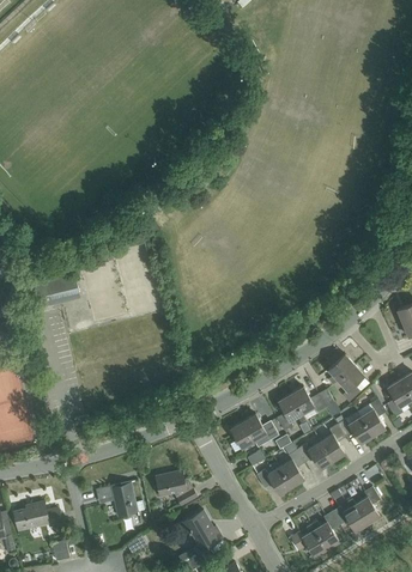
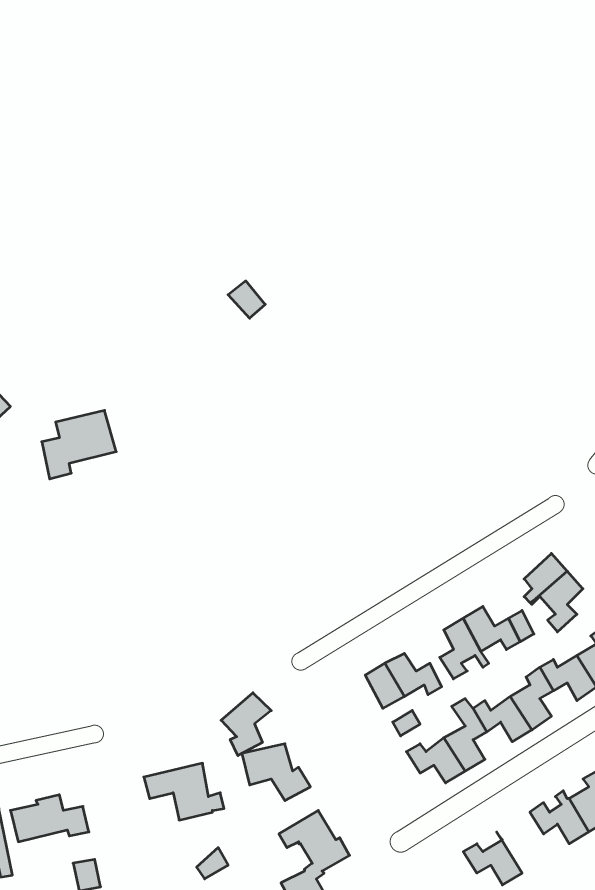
building: none -> [221,693,271,756]
building: [310,512,339,549] -> none

